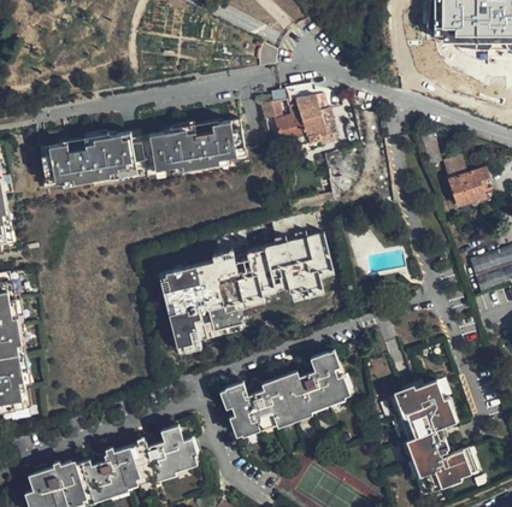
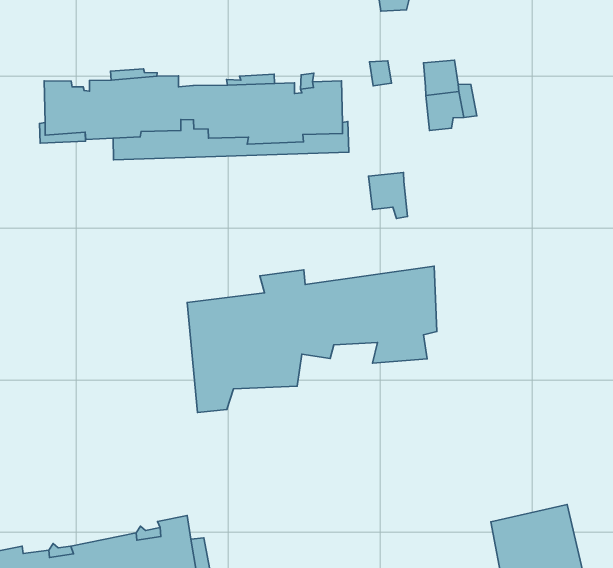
building: [275,113,305,145] -> [369,173,408,218]
building: [228,349,346,430] -> none

